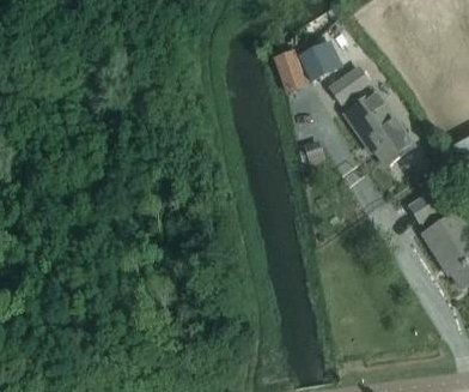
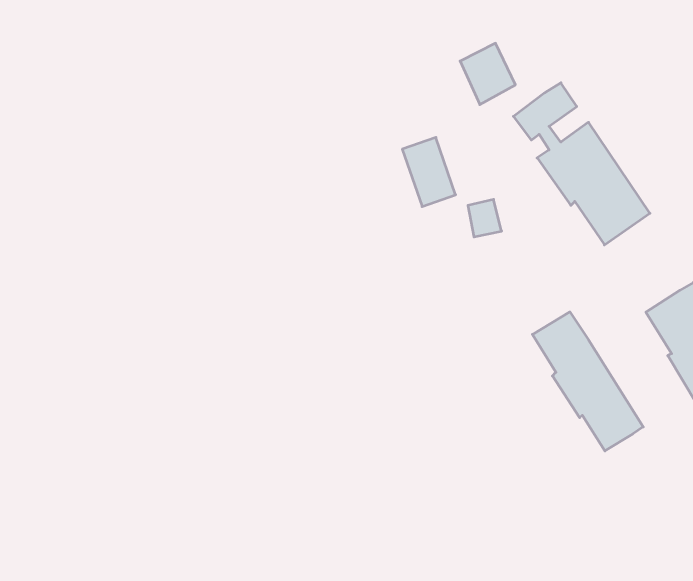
building: [276,52,309,94] -> [402,137,456,207]
building: none -> [532,312,643,451]

